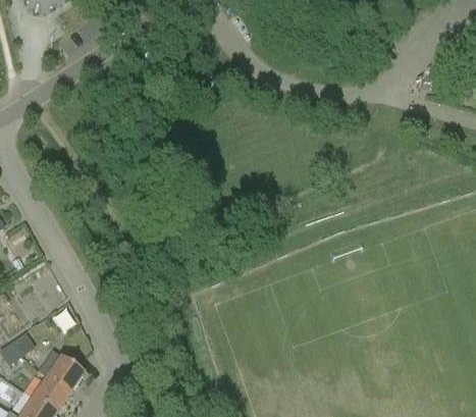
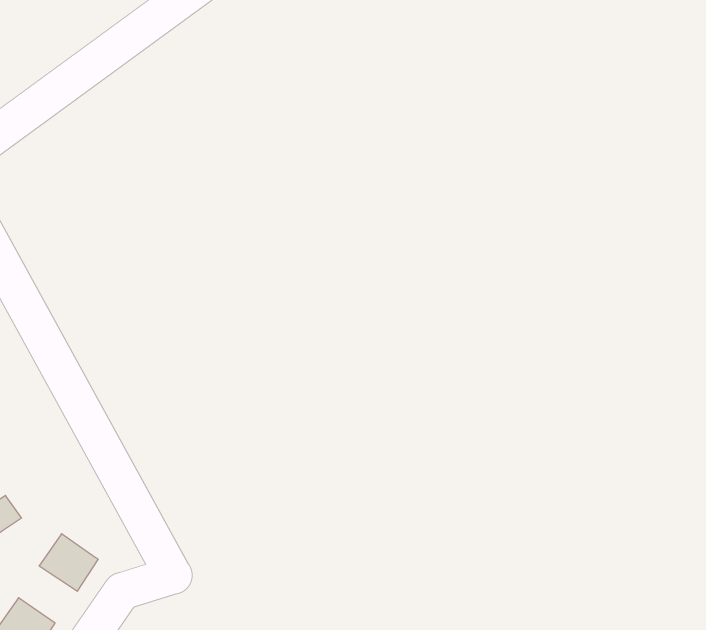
building: [33,374,70,411] -> none

